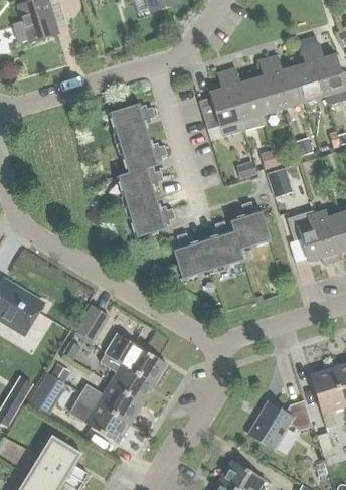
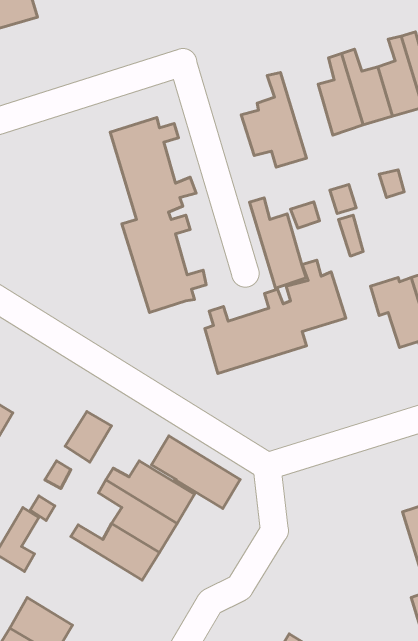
building: [226,67,266,130] -> [249,198,306,288]
building: [69,391,131,442] -> [152,436,240,508]
building: [248,399,312,449] -> none

